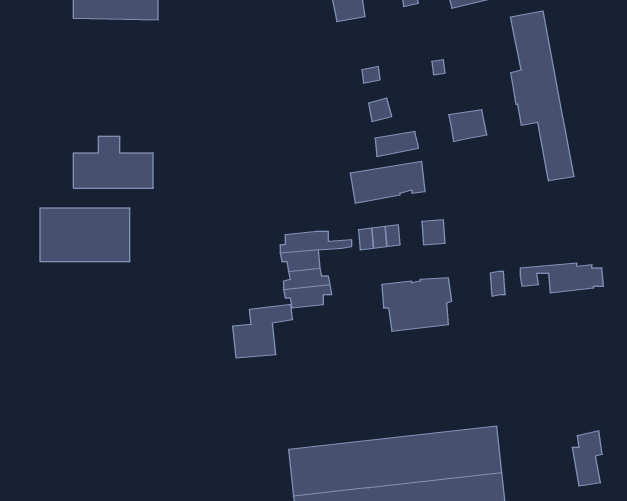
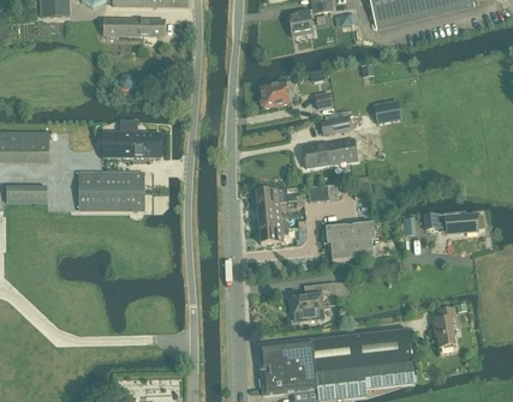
building: [511,11,574,181] -> none
building: none -> [258,82,291,108]
building: [233,305,293,358] -> [292,282,335,320]
building: [572,431,602,486] -> [434,307,455,347]

